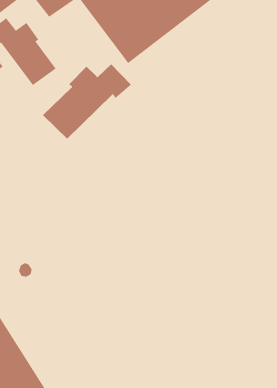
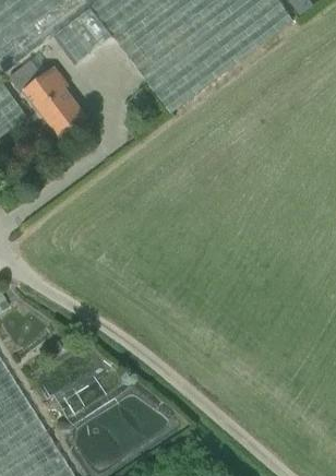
building: [42,63,132,140] -> none

